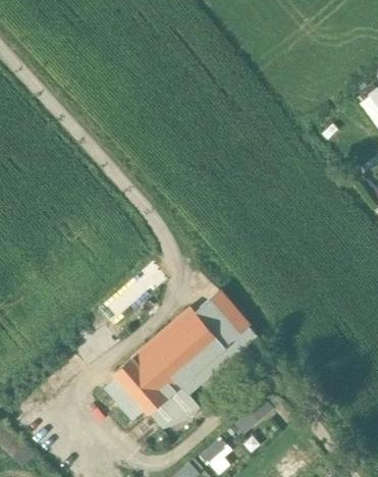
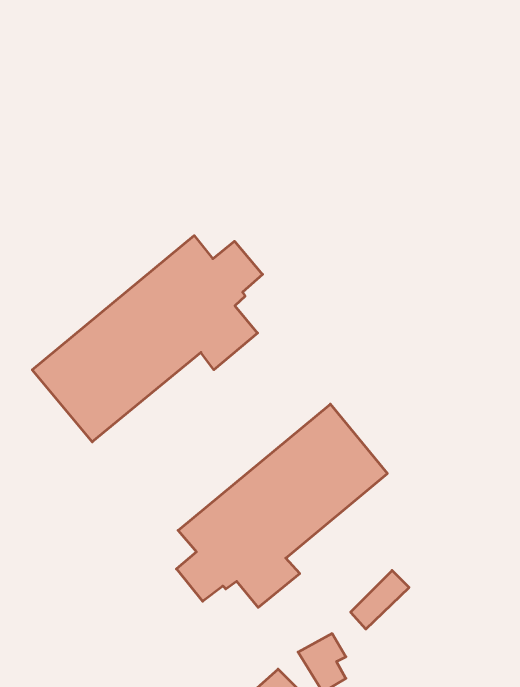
building: none -> [32,236,263,442]

